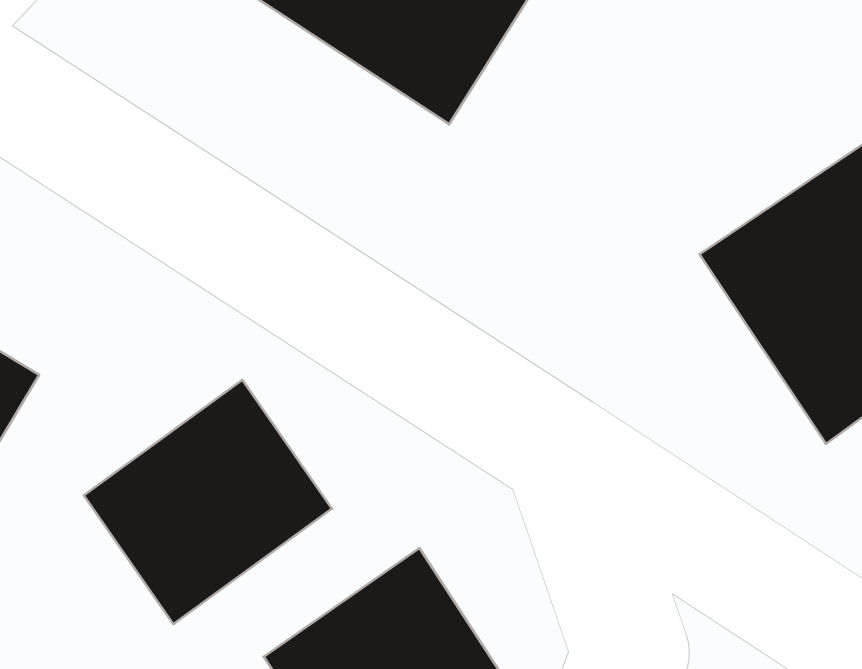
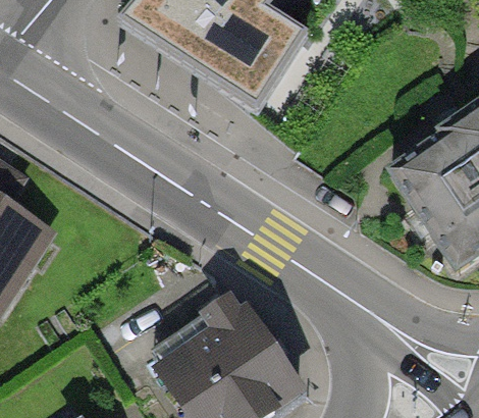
building: [84,380,332,624] -> none

